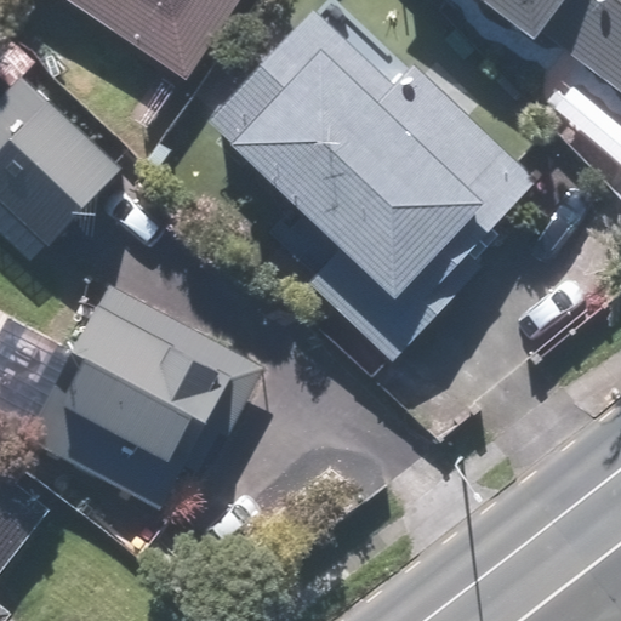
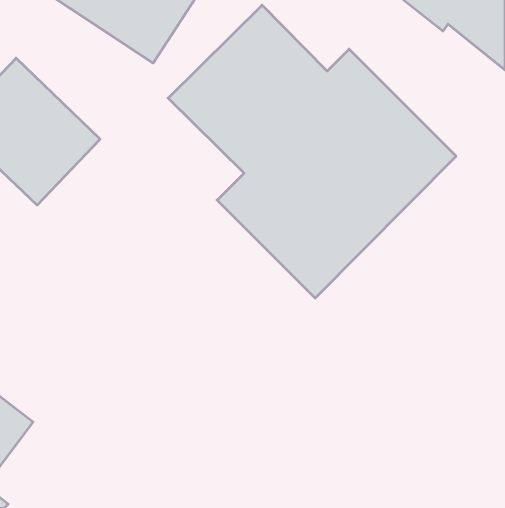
building: [23,308,255,518] -> none

